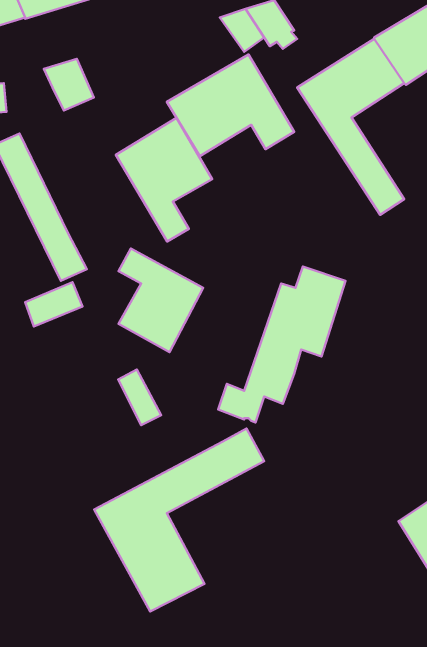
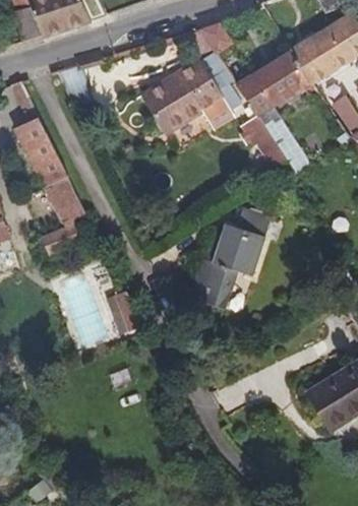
building: [116,118,212,241] -> none
building: [118,249,203,352] -> none
building: [94,429,264,611] -> none

